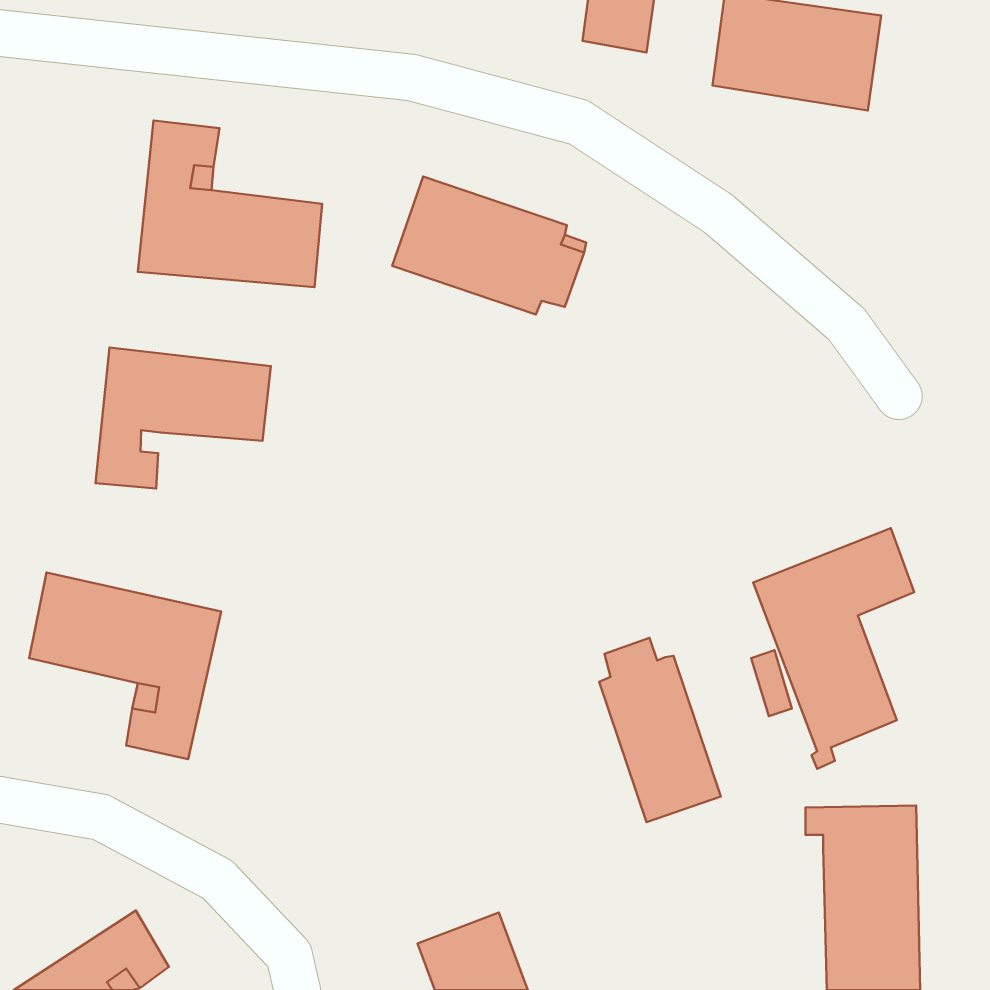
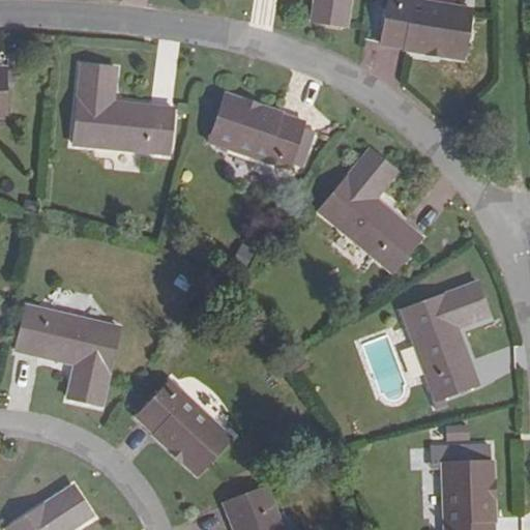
building: none -> [319,150,421,272]
building: [96,347,271,488] -> none
building: [599,638,721,822] -> none
building: none -> [137,382,231,474]

